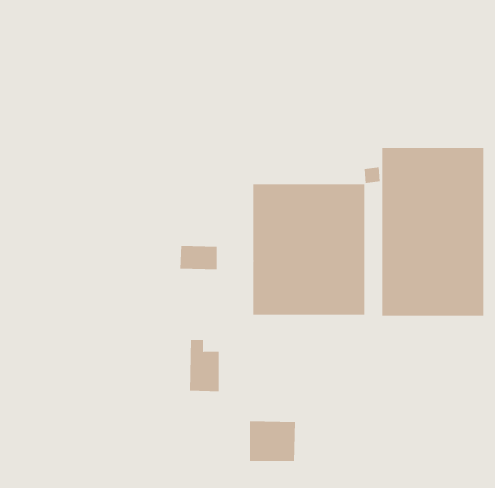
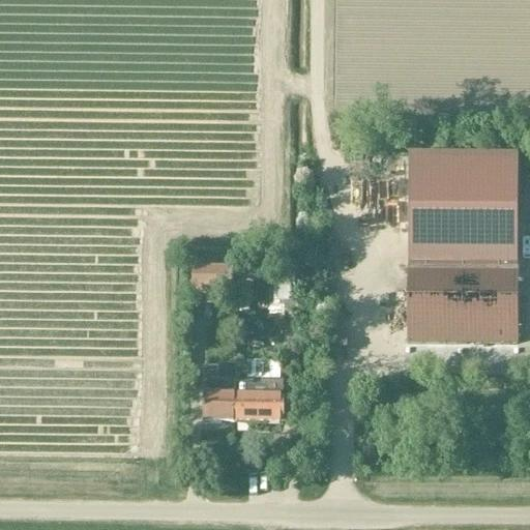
building: [253,183,365,316] -> none
building: [249,421,296,462] -> [235,375,285,418]

